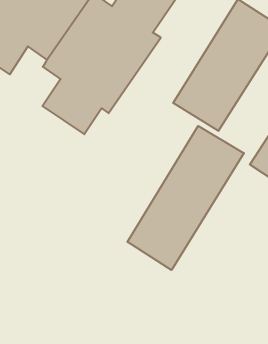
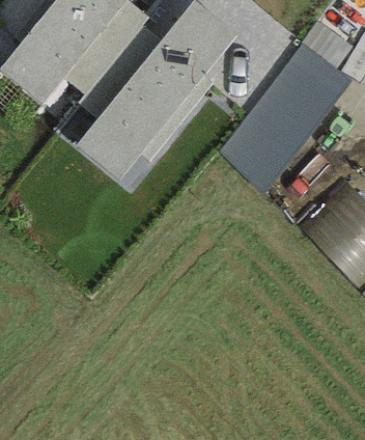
building: [127,126,244,270] -> none

